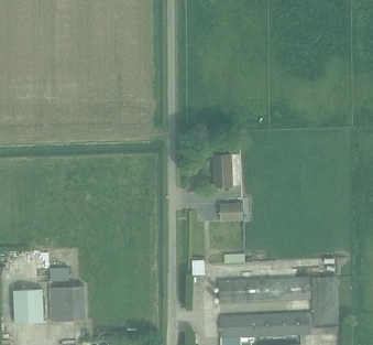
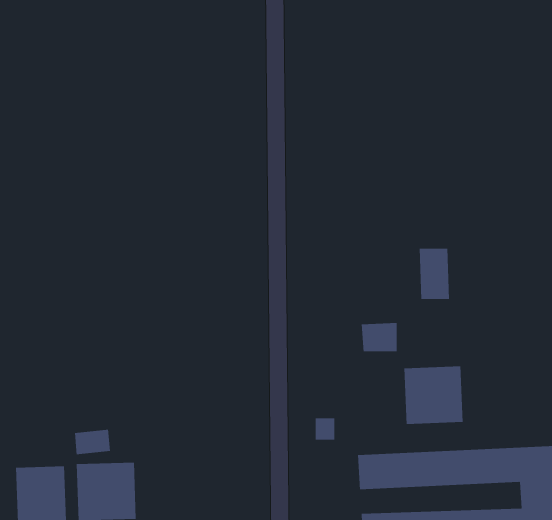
building: [212,155,231,186] -> [419,248,450,300]
building: none -> [404,365,463,425]

